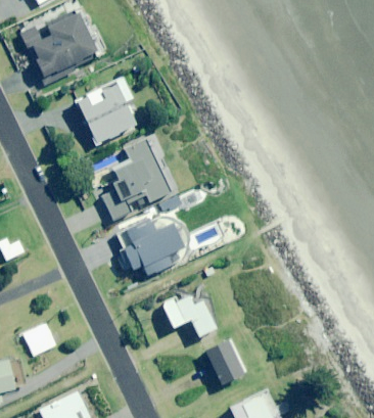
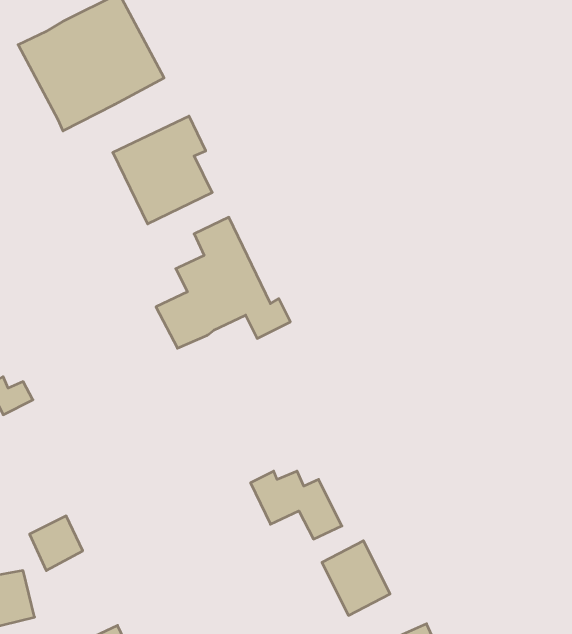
building: [119,219,187,275] -> none

